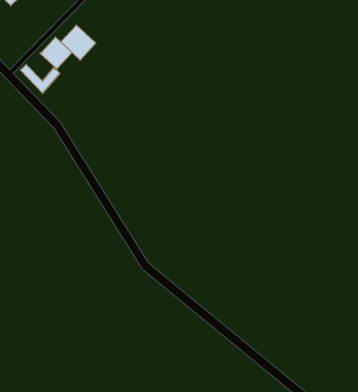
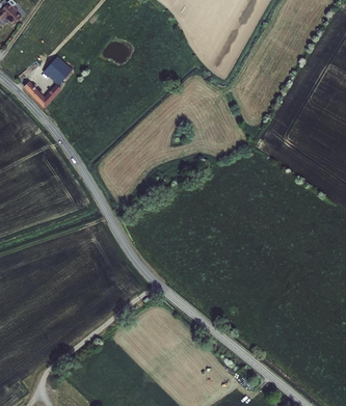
building: [61,25,96,60] -> none

